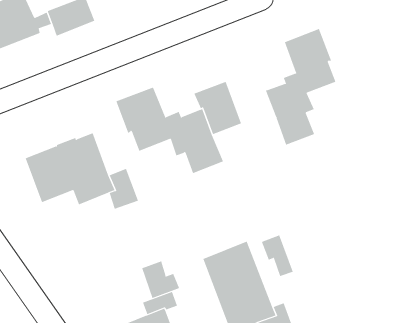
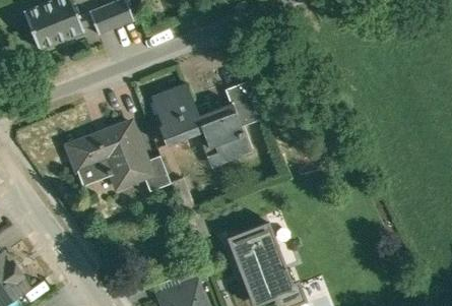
building: [265,28,336,145] -> none
building: [261,235,293,277] -> none
building: [141,261,180,299] -> none

